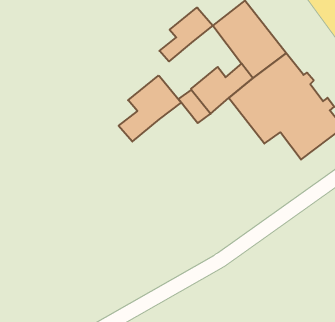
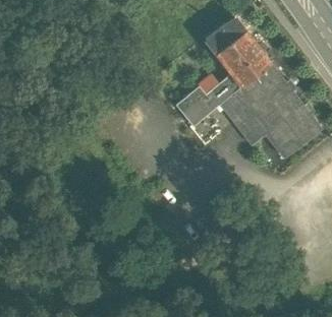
building: [159,8,213,61] -> none
building: [119,76,181,142] -> none

